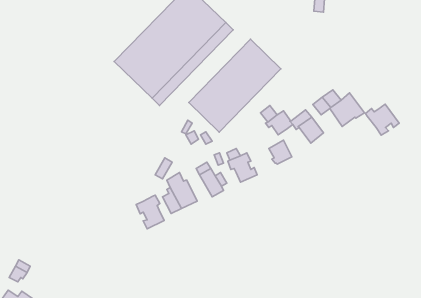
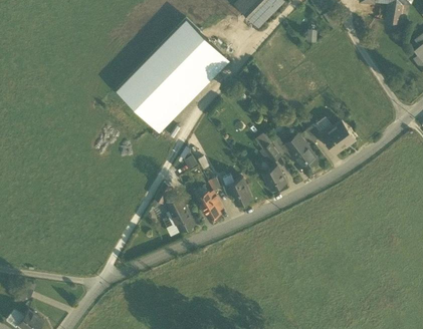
building: [189,39,281,132] -> none
building: [366,104,399,135] -> none
building: [136,195,164,229] -> none

